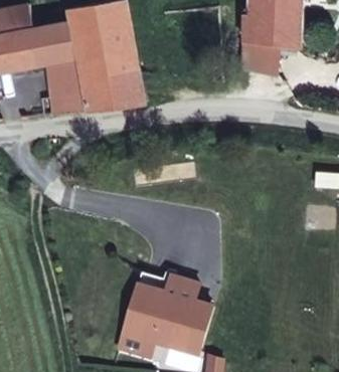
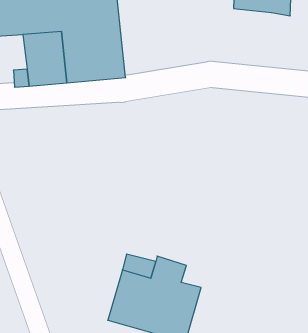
building: [241,41,280,82] -> none

